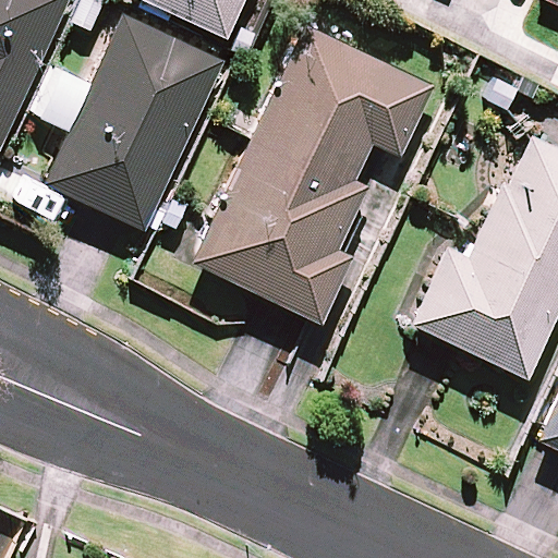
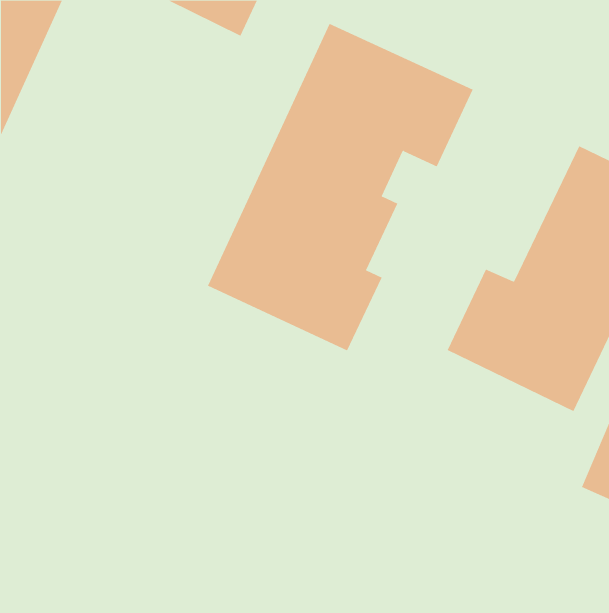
building: [37,15,223,229] -> none

